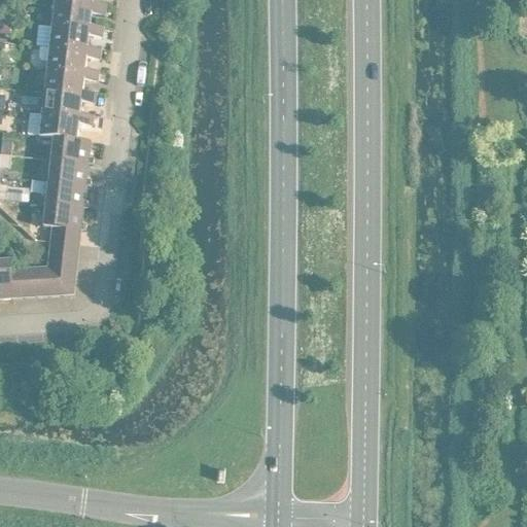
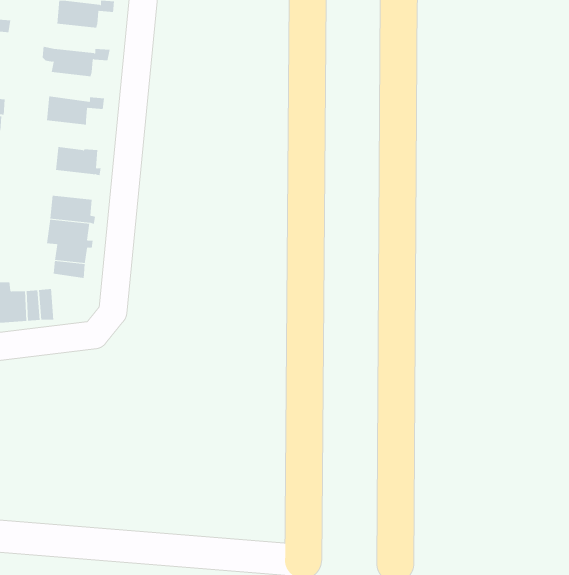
building: [49,23,103,49] -> none
building: [44,67,98,94] -> none
building: [39,111,93,138] -> none
building: [47,156,91,183] -> none
building: [47,265,75,293] -> none

